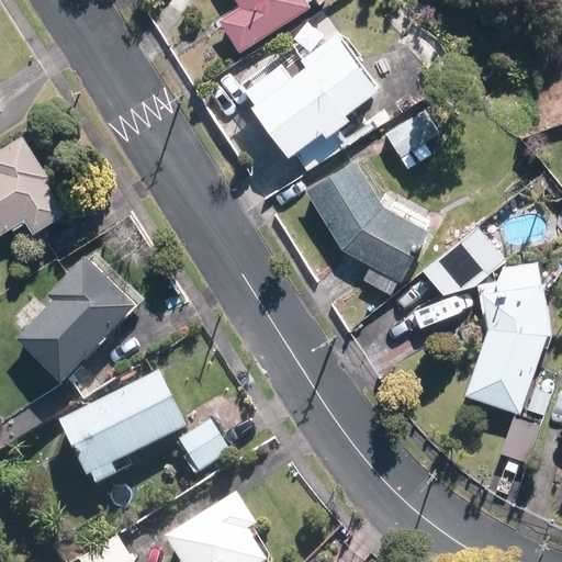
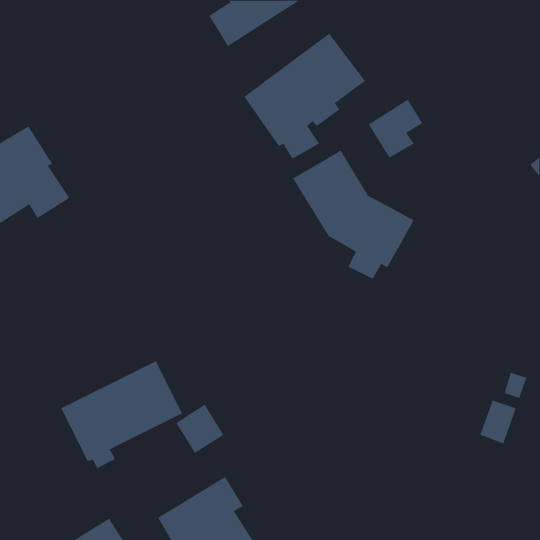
building: [442,231,502,289] -> none
building: [21,251,143,379] -> none
building: [461,281,548,412] -> none

